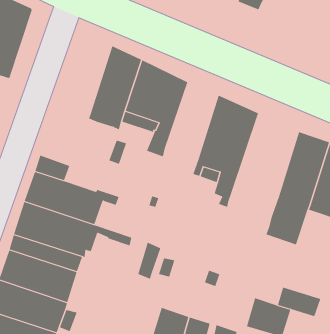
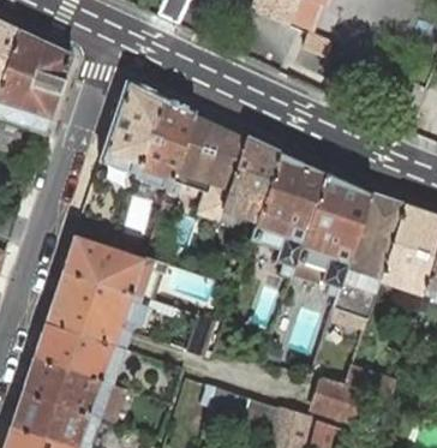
building: none -> [100,80,161,173]
building: none -> [218,136,280,223]
building: none -> [292,171,370,298]

